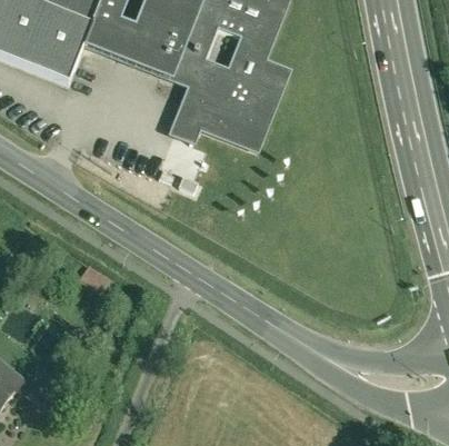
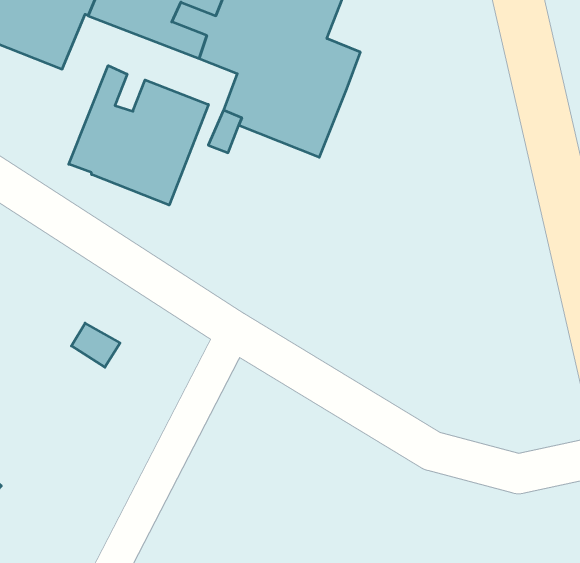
building: none -> [69,66,208,205]

